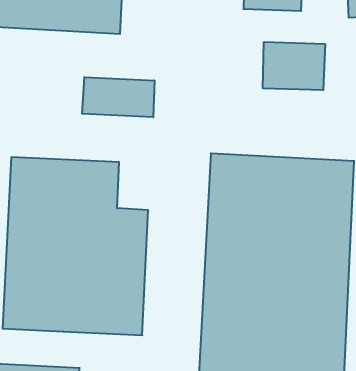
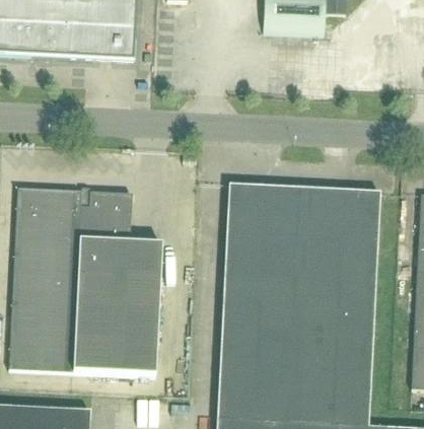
building: [263,42,325,90] -> none
building: [82,77,154,117] -> none

